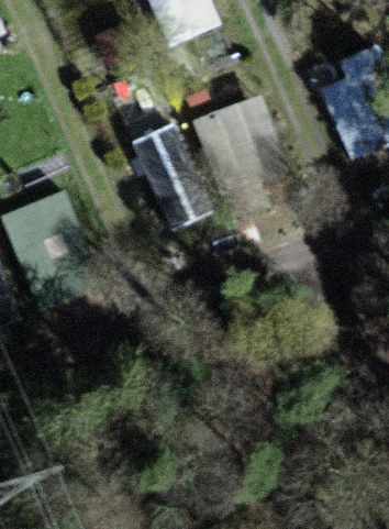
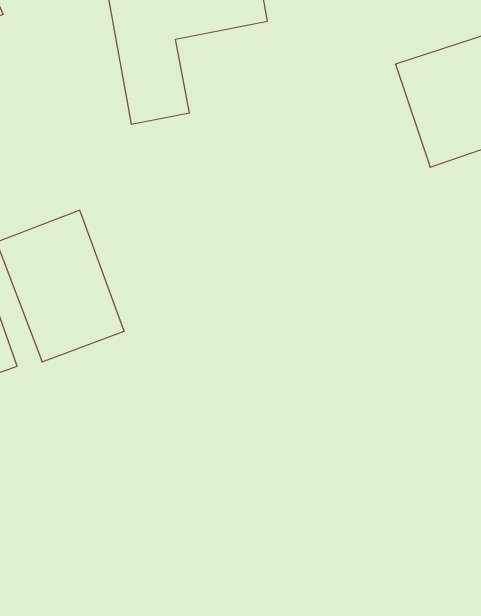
building: [135,97,287,207] -> none

